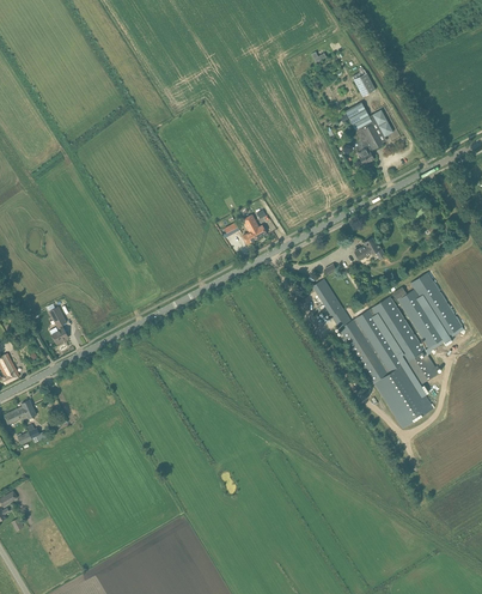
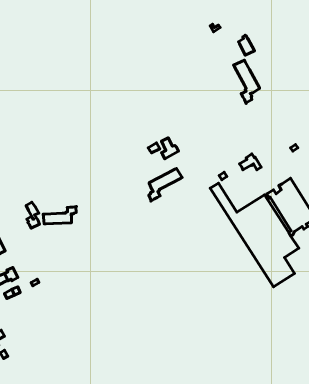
building: none -> [149,168,182,201]
building: none -> [43,207,77,224]

